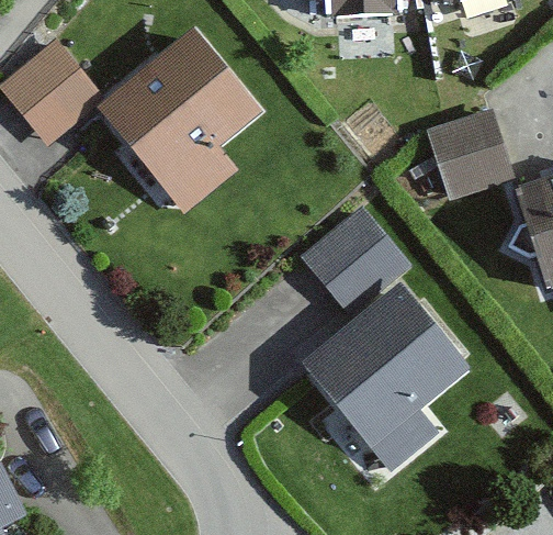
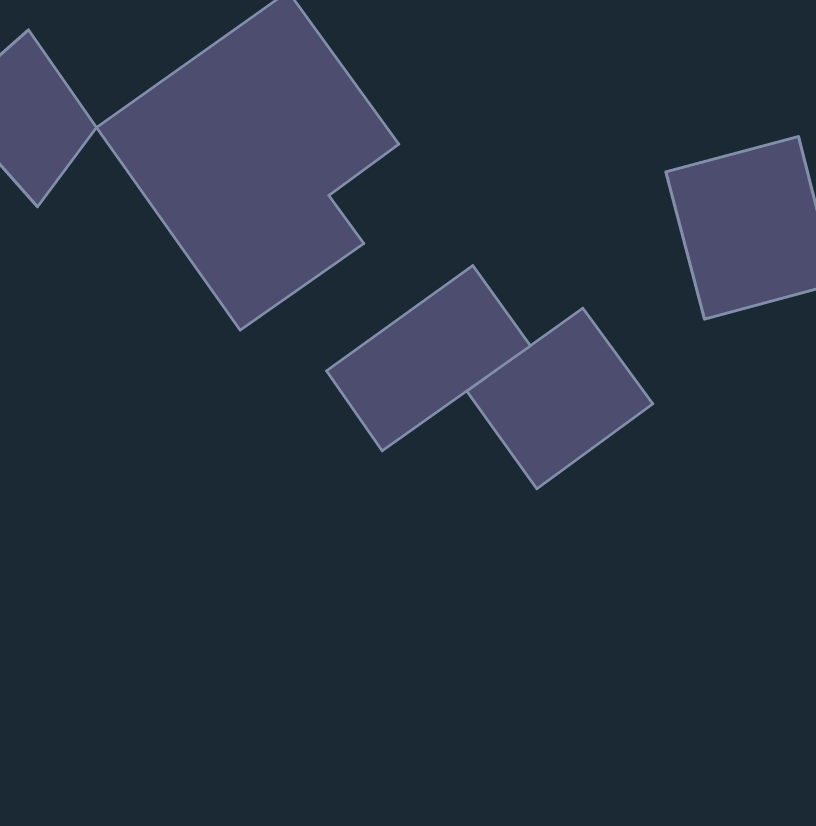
building: none -> [327,266,530,451]
building: [296,282,467,478] -> none

